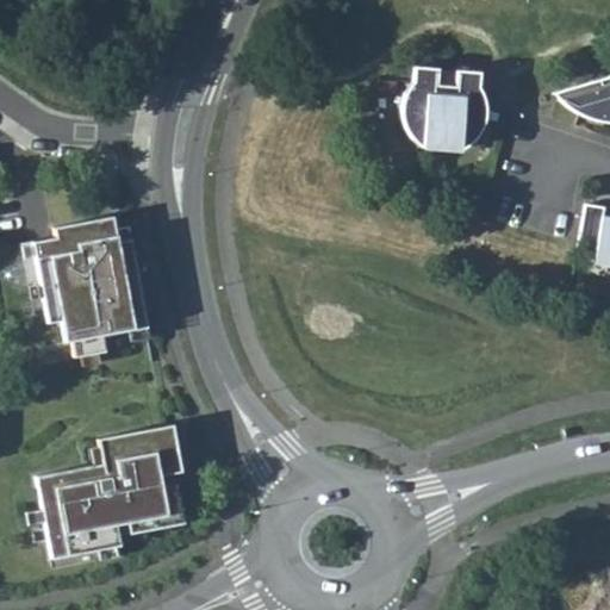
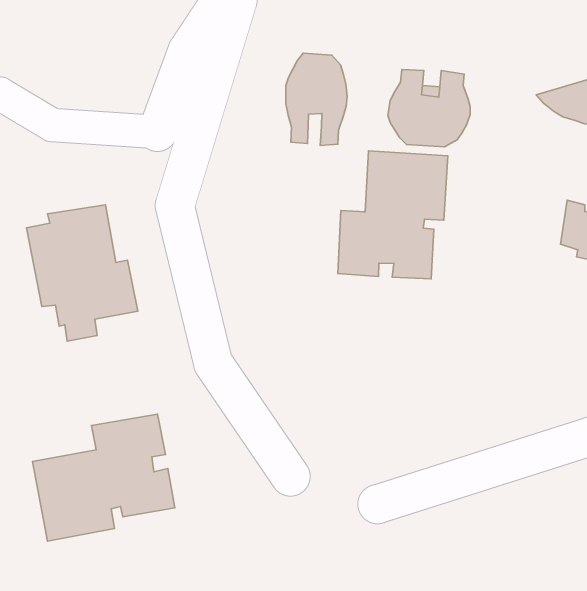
building: none -> [286,53,347,146]
building: none -> [338,151,448,279]

